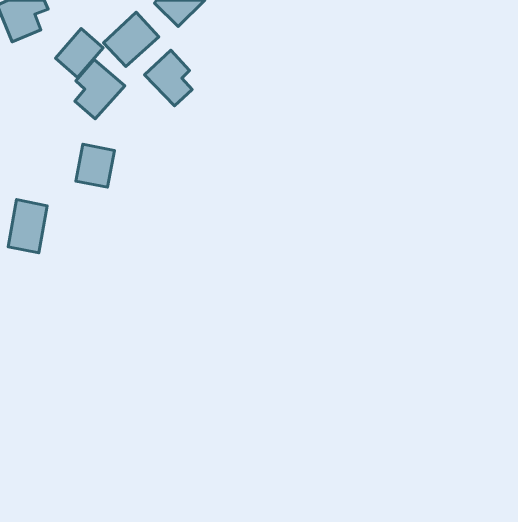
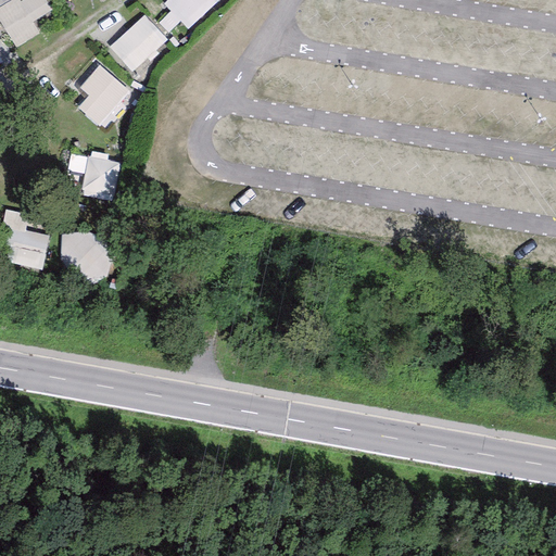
building: [55,29,103,78] -> none
building: [144,50,192,106] -> none
building: none -> [60,231,104,280]

